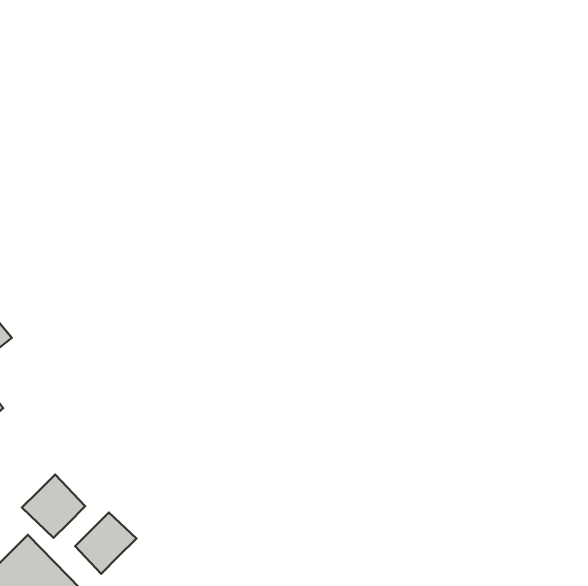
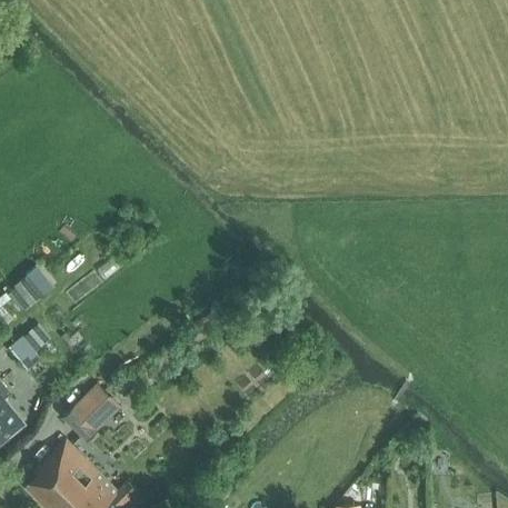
building: [75,512,136,574] -> none

